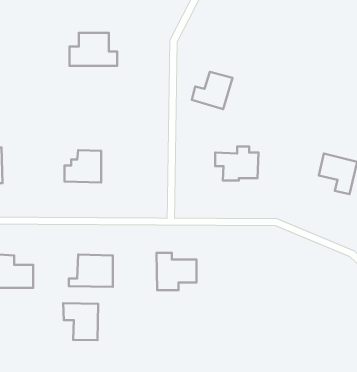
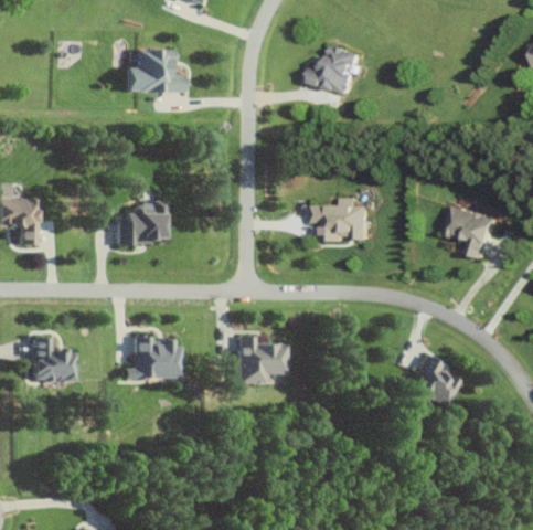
building: [192,72,233,109] -> [306,44,359,93]
building: none -> [412,354,459,405]
building: [63,303,98,340] -> none

